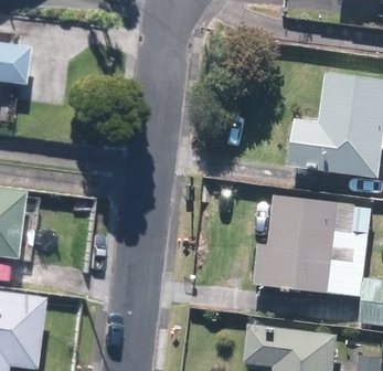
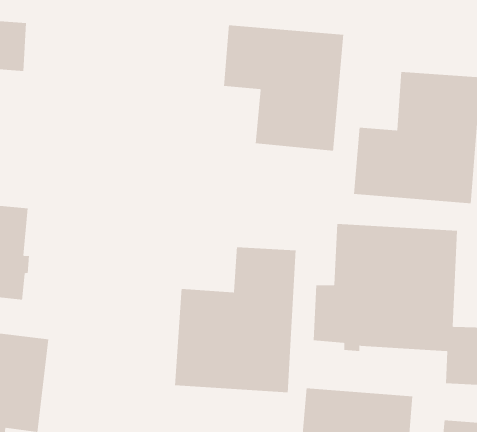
building: none -> [224,25,344,151]
building: none -> [175,246,296,393]

